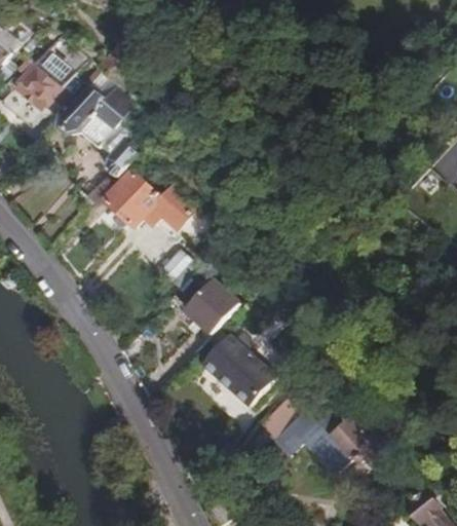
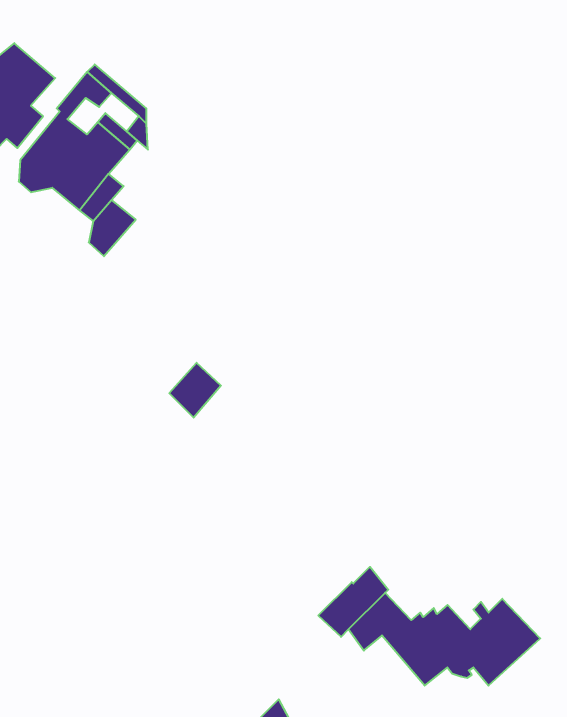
building: [102,172,194,236] -> none
building: [182,278,236,333] -> none
building: [202,330,275,401] -> none

